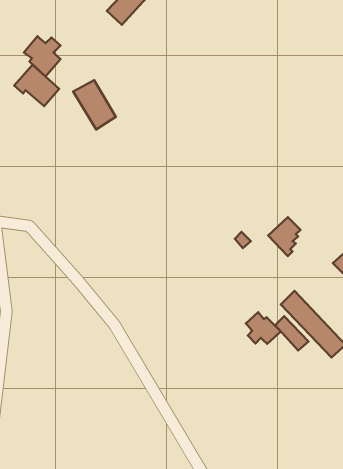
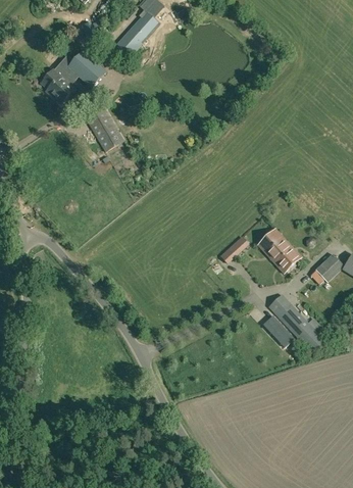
building: [14,65,59,106] -> [65,50,105,87]
building: none -> [274,239,301,272]
building: [246,312,281,344] -> none

